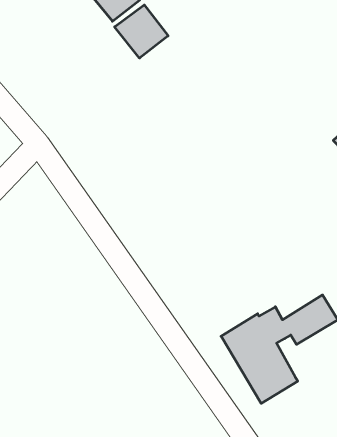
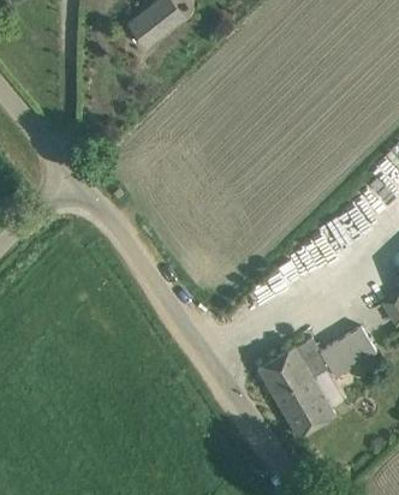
building: [115,5,168,58] -> none

